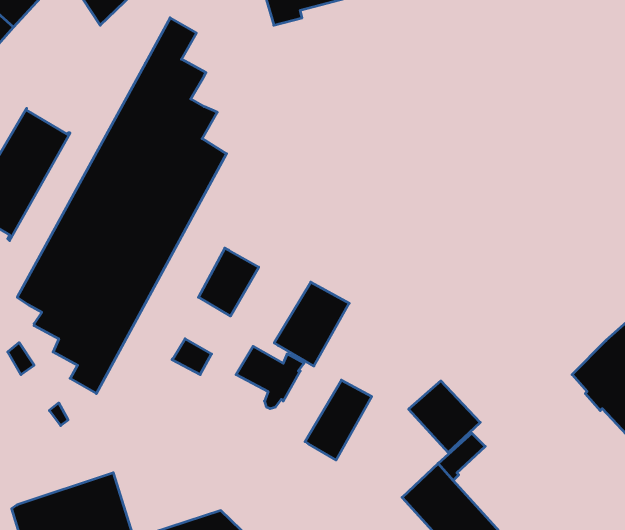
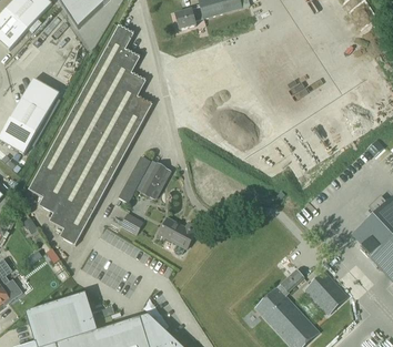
building: [274,282,349,366] -> none
building: [305,380,372,460] -> none
building: [409,381,480,453] -> [304,272,346,314]

